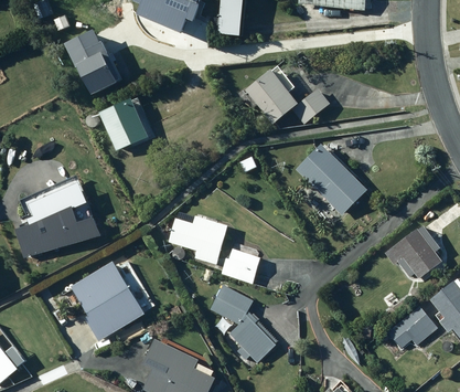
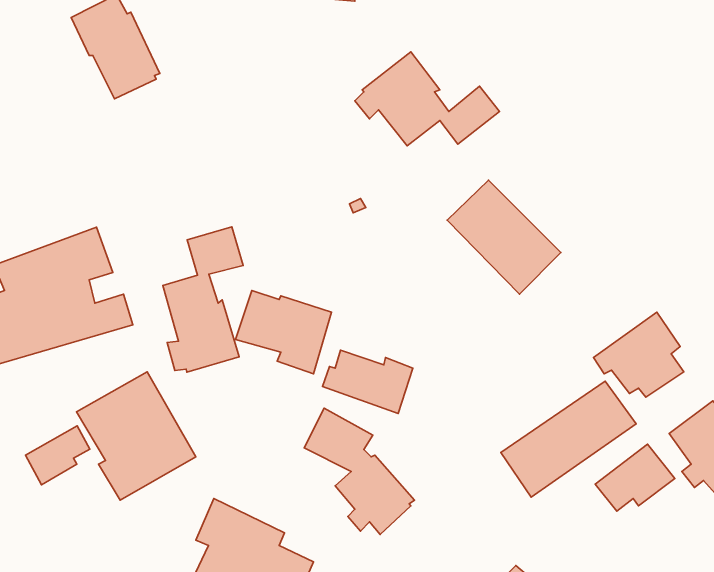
building: [100,99,148,150] -> none
building: none -> [163,227,243,372]
building: none -> [501,381,636,497]
building: none -> [25,426,90,485]

